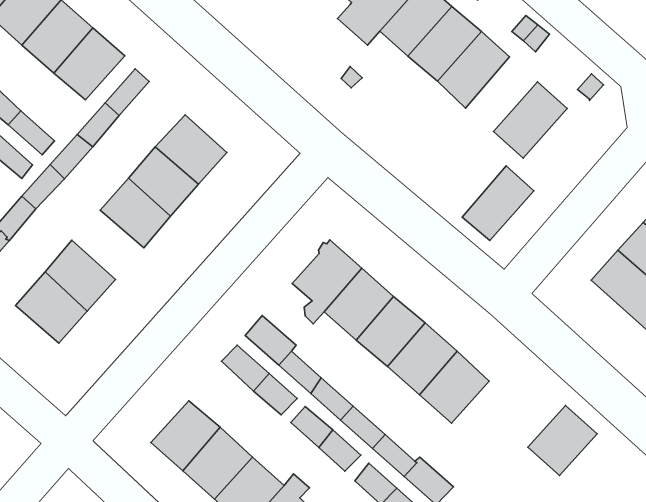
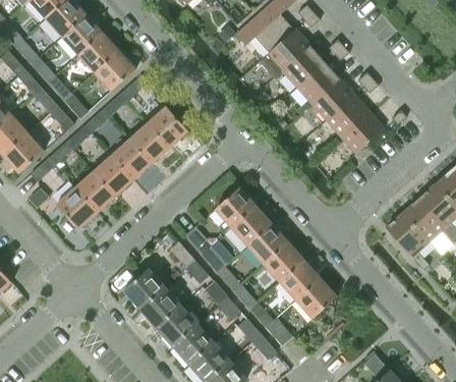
building: [462,166,534,241] -> [326,95,368,137]
building: none -> [92,155,132,196]
building: [528,405,597,476] -> [296,279,337,319]

